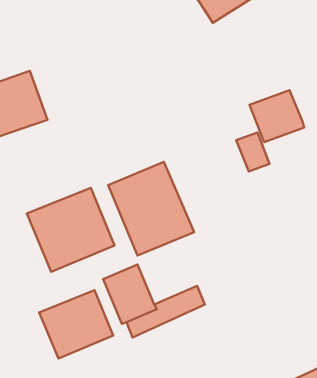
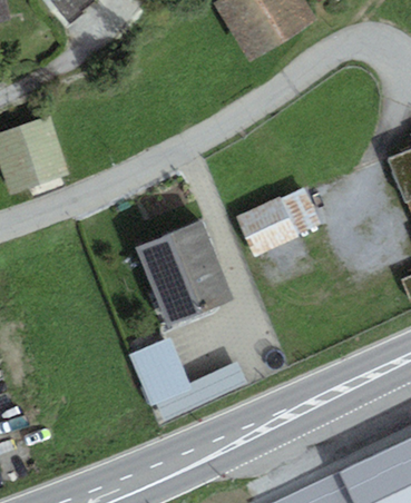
building: [250,90,304,142] -> [236,196,299,255]
building: [27,188,114,272] -> none
building: [39,290,113,358] -> none

